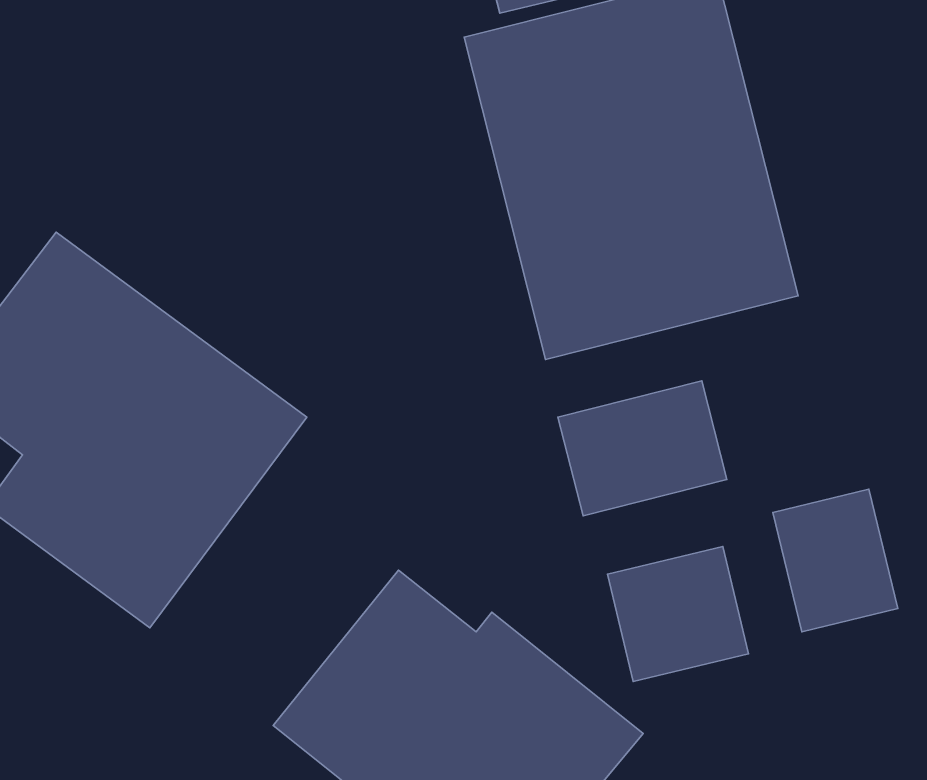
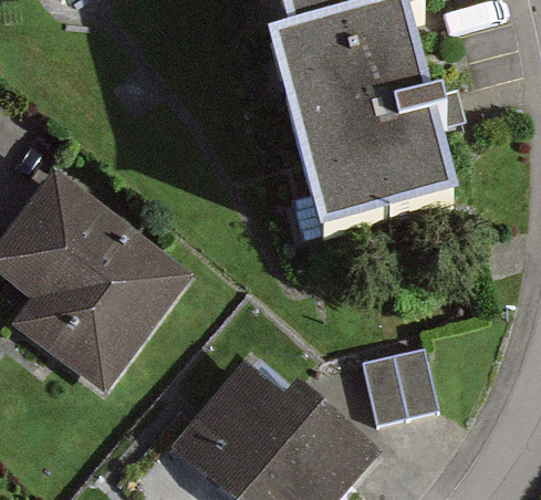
building: [558,381,727,516] -> none
building: [773,489,898,632] -> none

